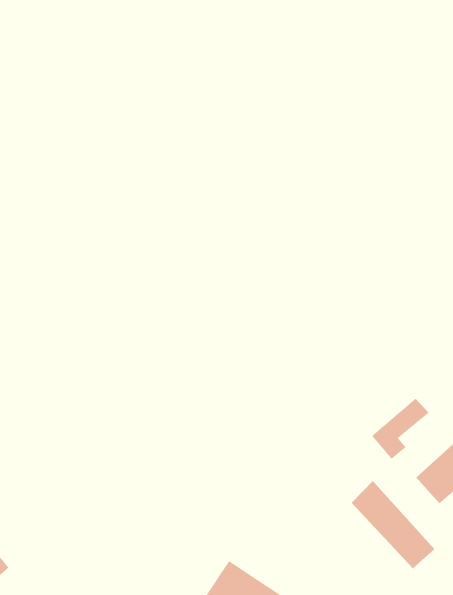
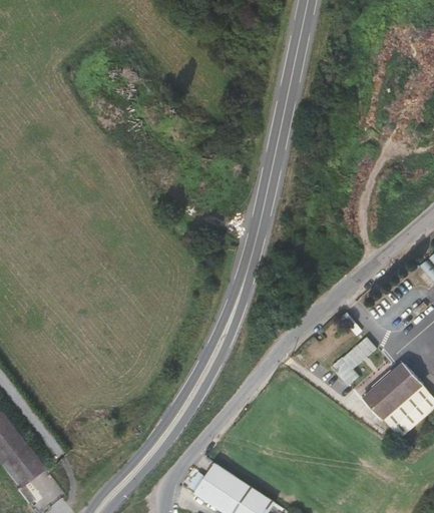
building: [351,480,435,569] -> none

